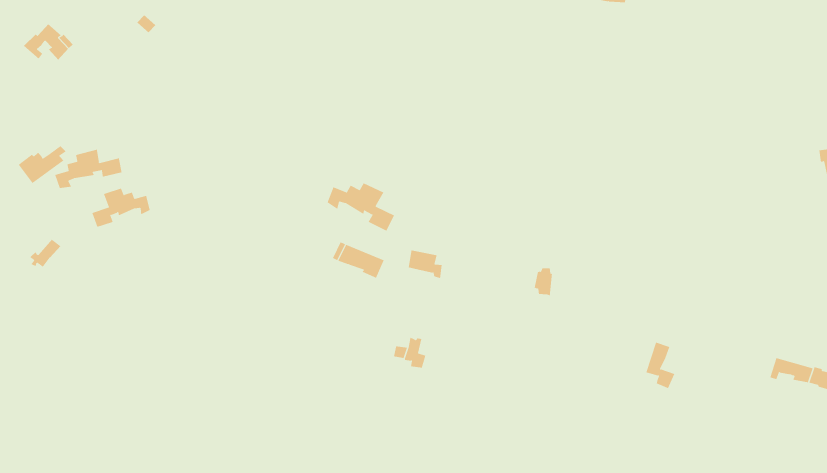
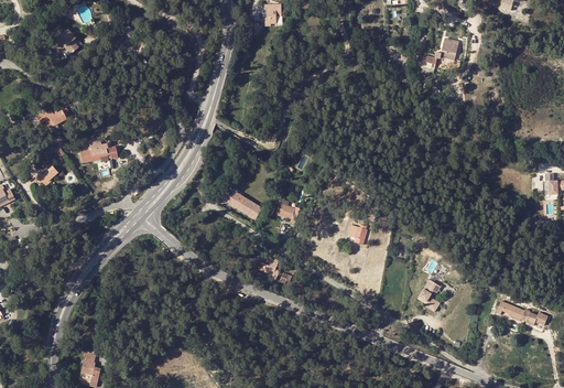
building: [55,149,122,189] -> none
building: [327,182,395,231] -> none

